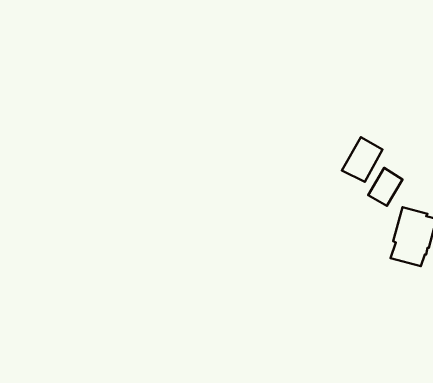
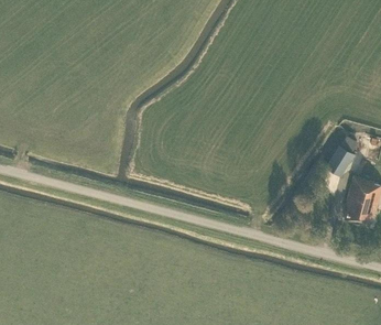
building: [342,137,383,182] -> none

